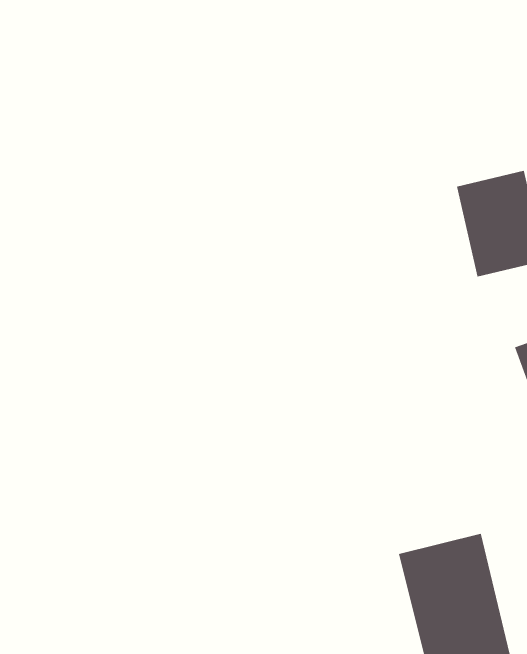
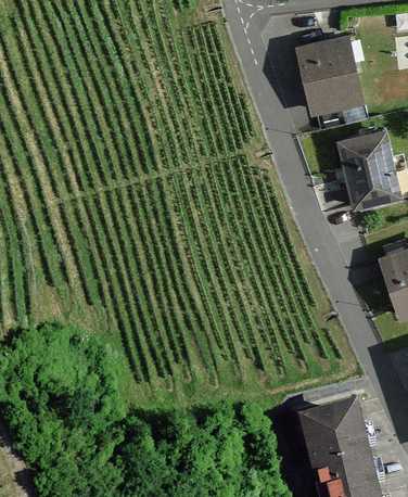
building: none -> [295,35,362,112]

